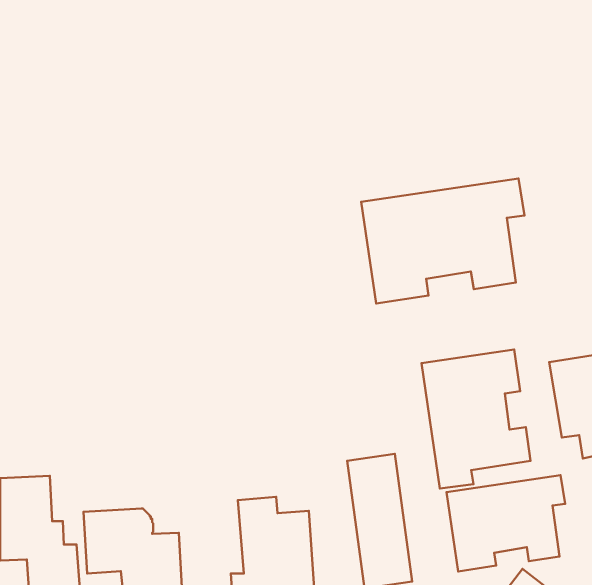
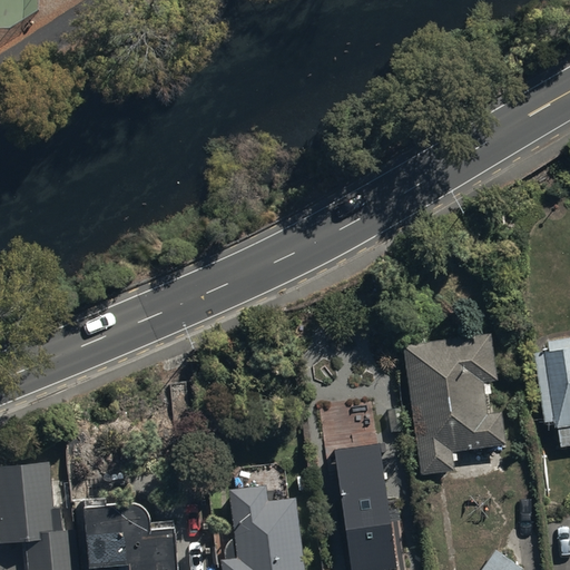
building: [361,179,524,304] -> none
building: [446,475,565,572] -> none

